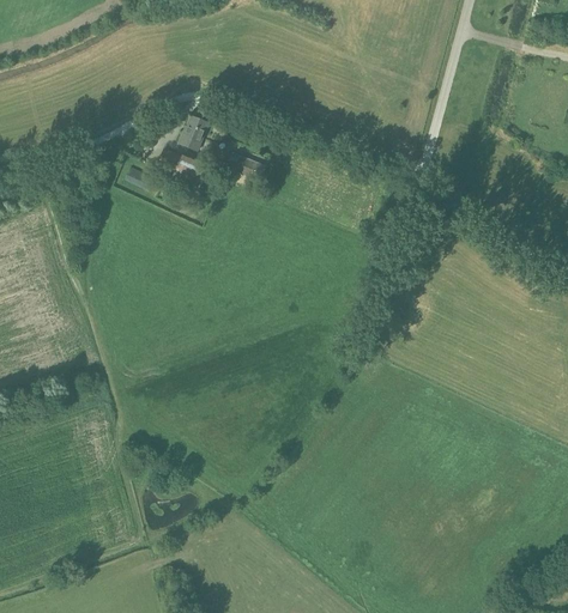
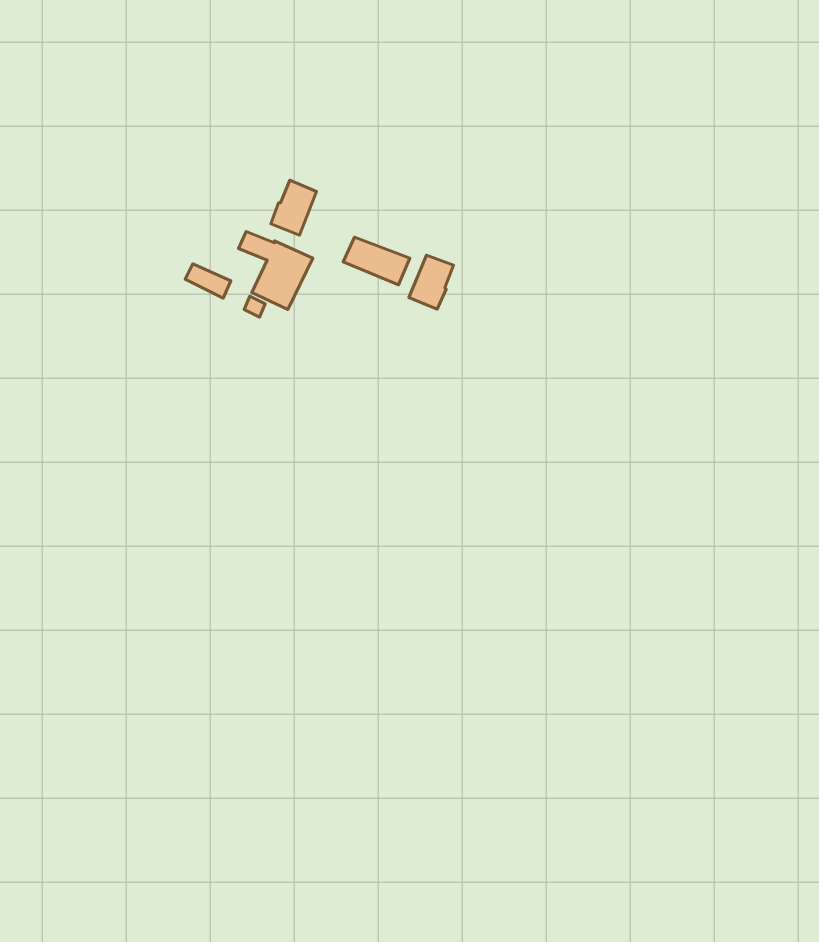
building: none -> [409,255,454,309]

